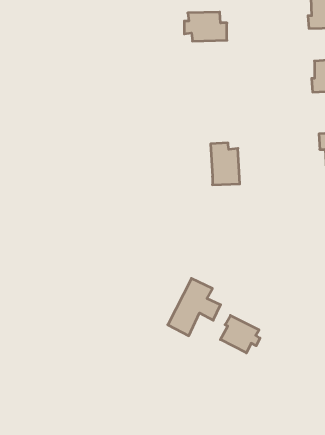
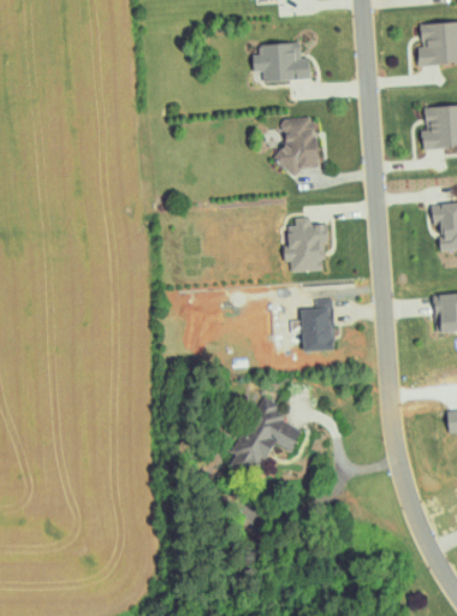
building: none -> [278,117,316,171]
building: none -> [301,300,332,353]
building: [220,315,260,353] -> none

